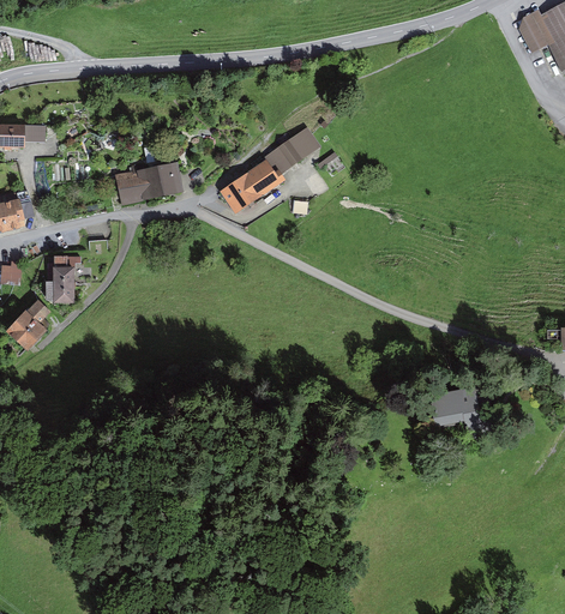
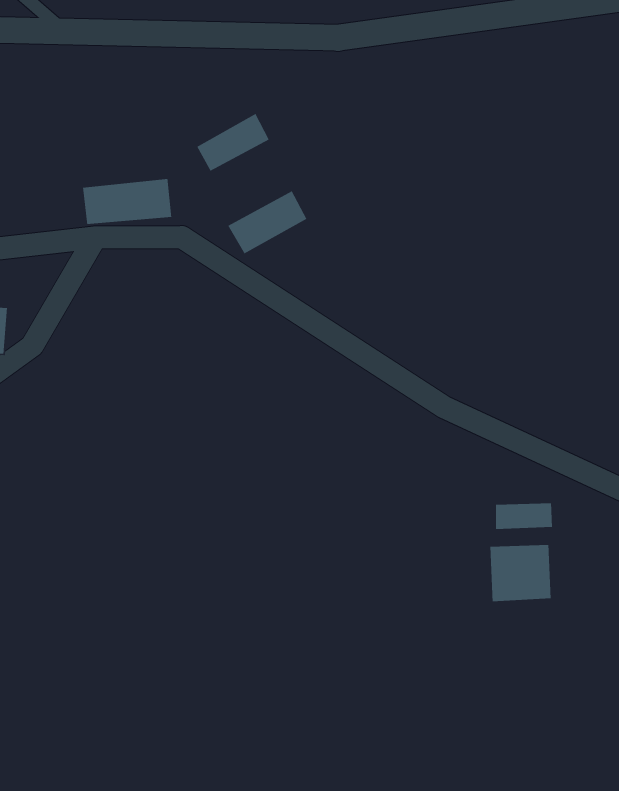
building: [269,126,320,171] -> [196,113,270,172]
building: none -> [495,503,553,530]

